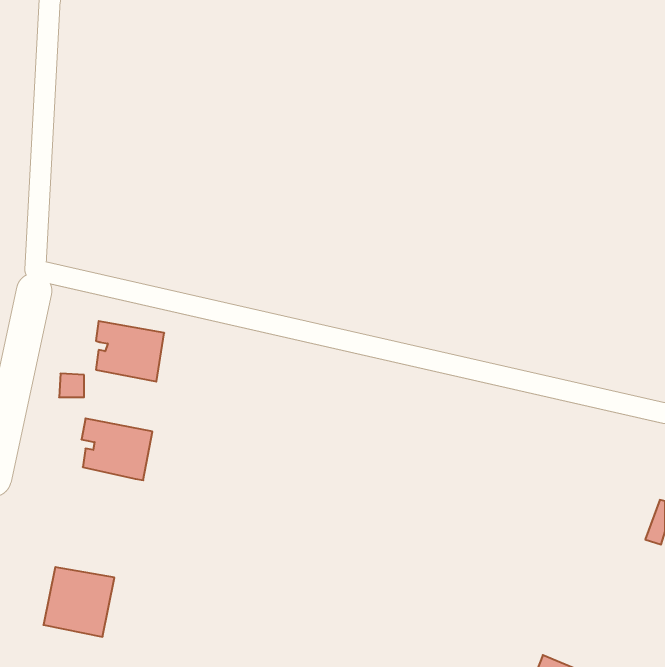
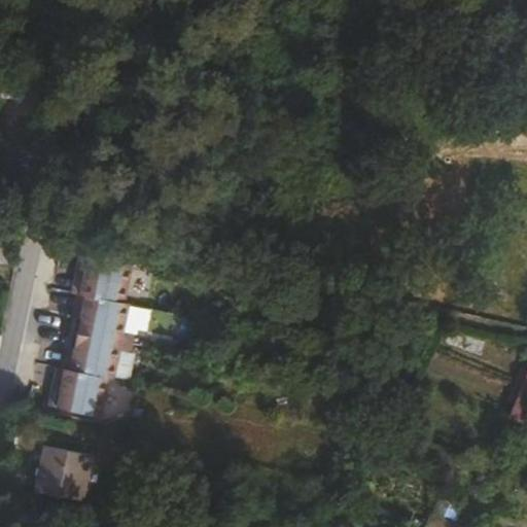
building: none -> [67,294,127,342]
building: none -> [46,368,106,416]

